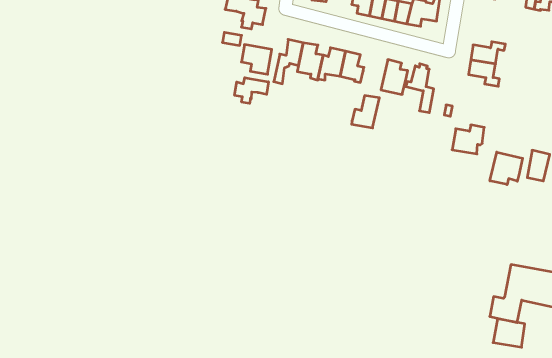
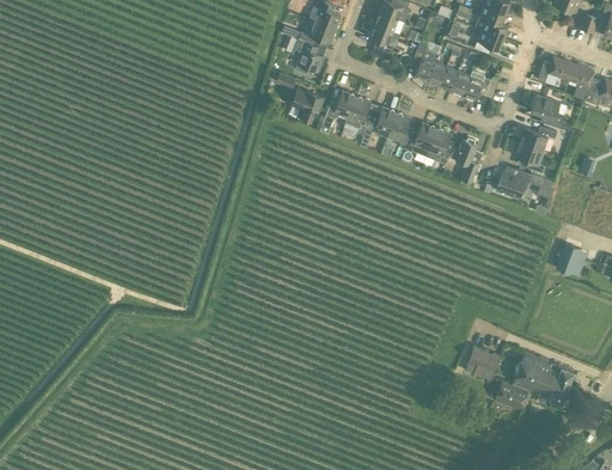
building: none -> [531,93,567,128]
building: [235,78,268,103] -> none
building: [352,96,379,128] -> [405,122,437,155]
building: [452,125,484,154] -> [496,169,532,199]
building: [490,152,523,185] -> none
building: [493,319,525,347] -> [465,347,500,379]

